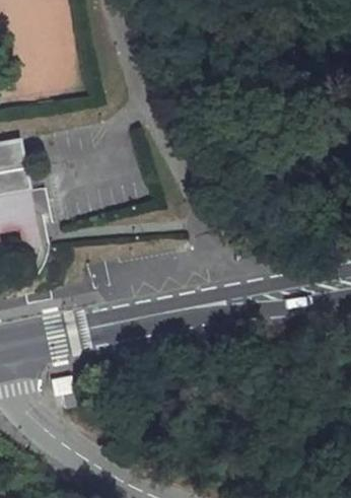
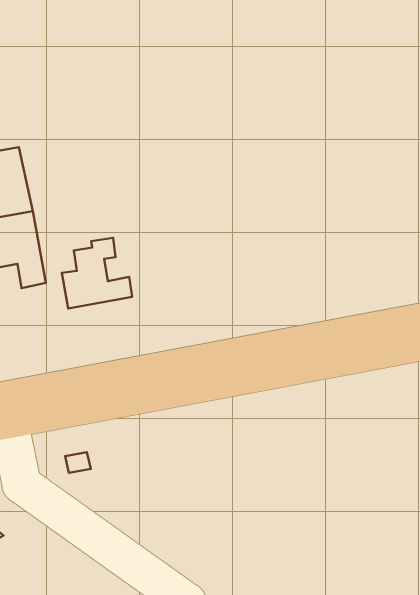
building: none -> [62,238,132,308]

